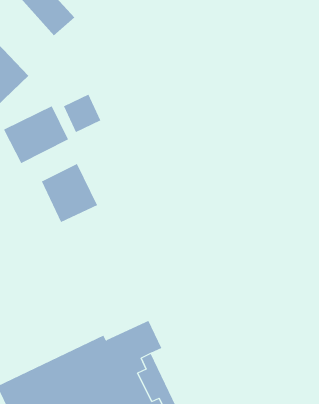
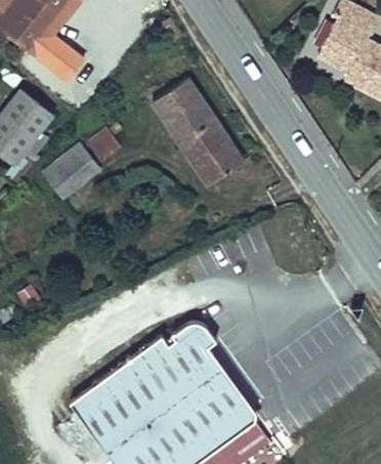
building: none -> [151,75,244,186]
building: [41,163,98,223] -> none

